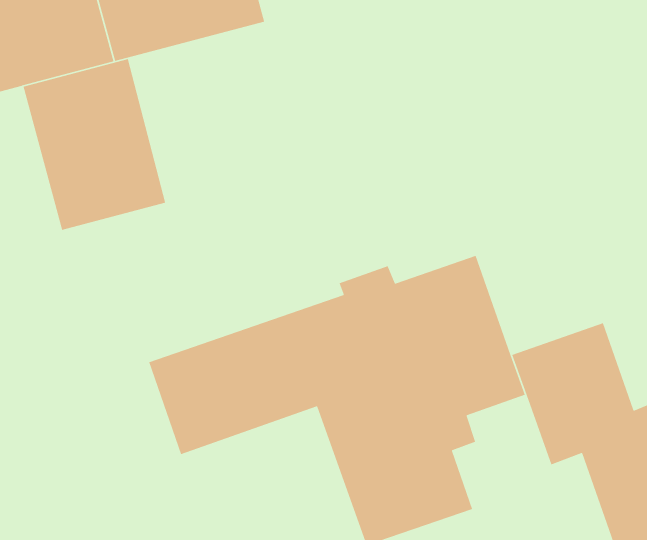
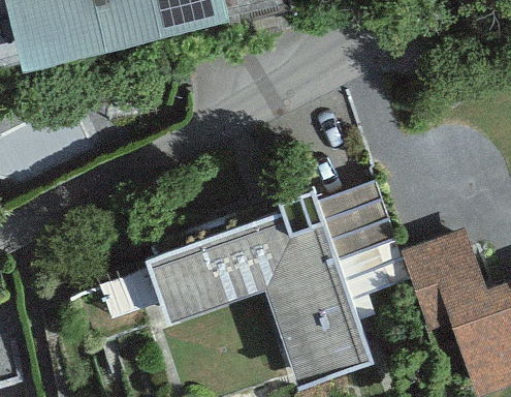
building: [23,58,166,231] -> none

